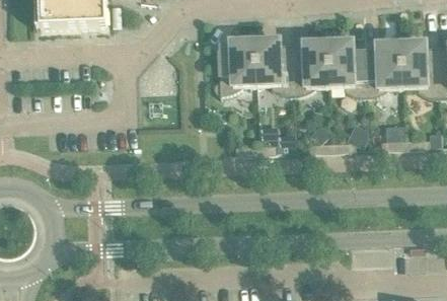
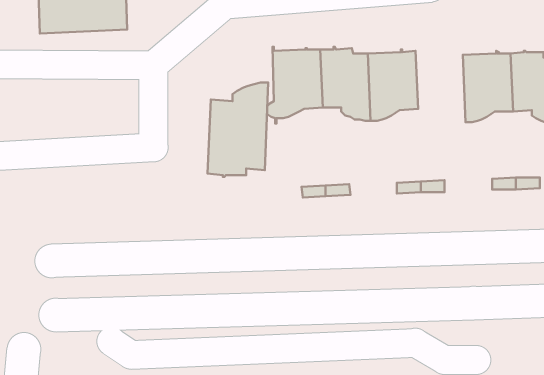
building: [328,39,367,95] -> none
building: none -> [207,82,268,177]

